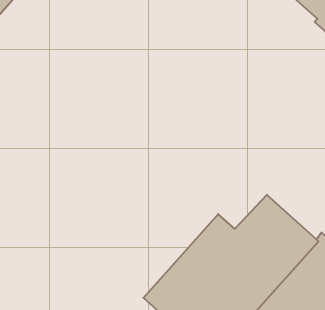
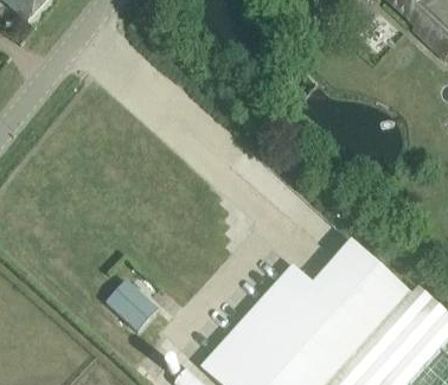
building: none -> [105,278,158,329]

